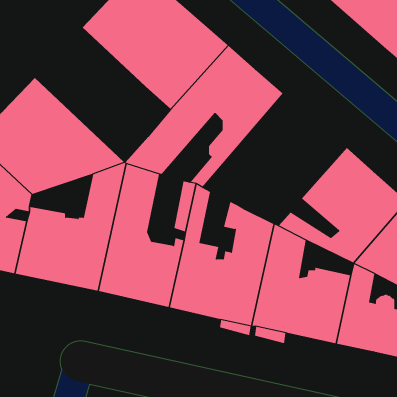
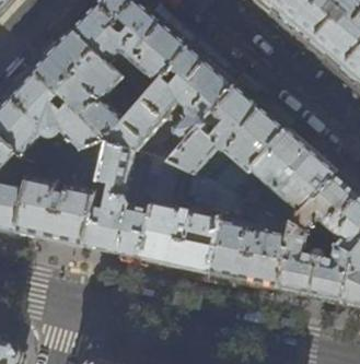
building: none -> [32,31,124,140]
building: none -> [169,84,286,191]

